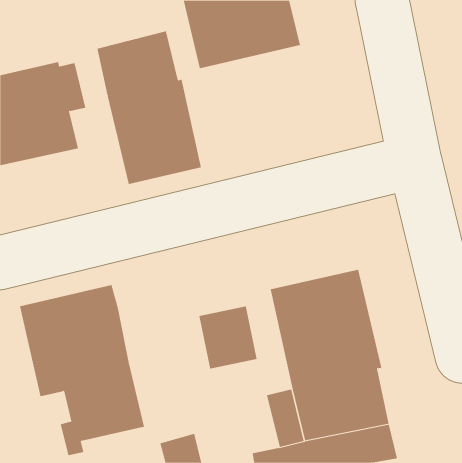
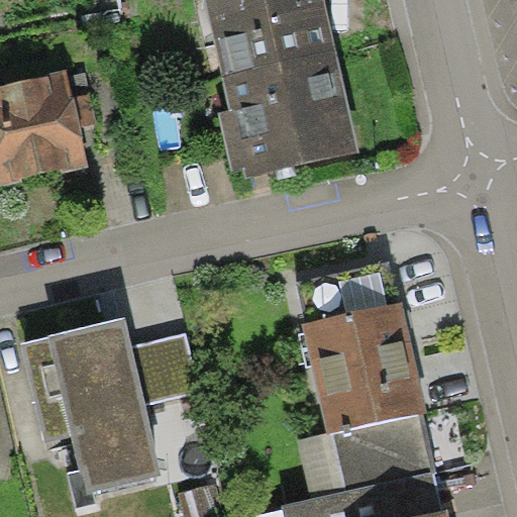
building: [97,31,201,185] -> none
building: none -> [219,50,358,178]
building: [199,306,257,369] -> [132,333,198,404]

